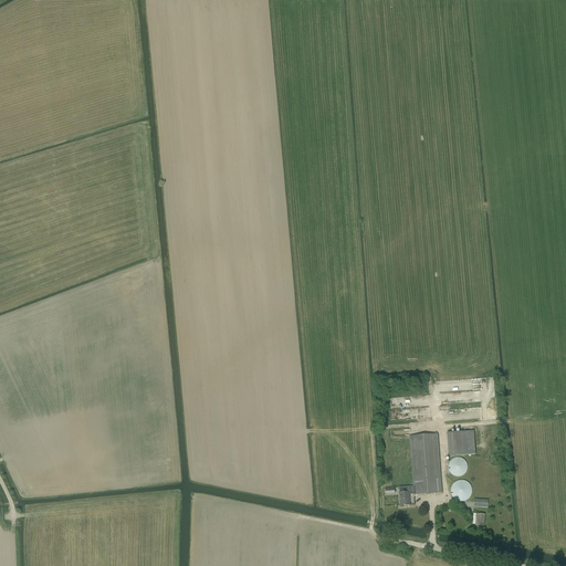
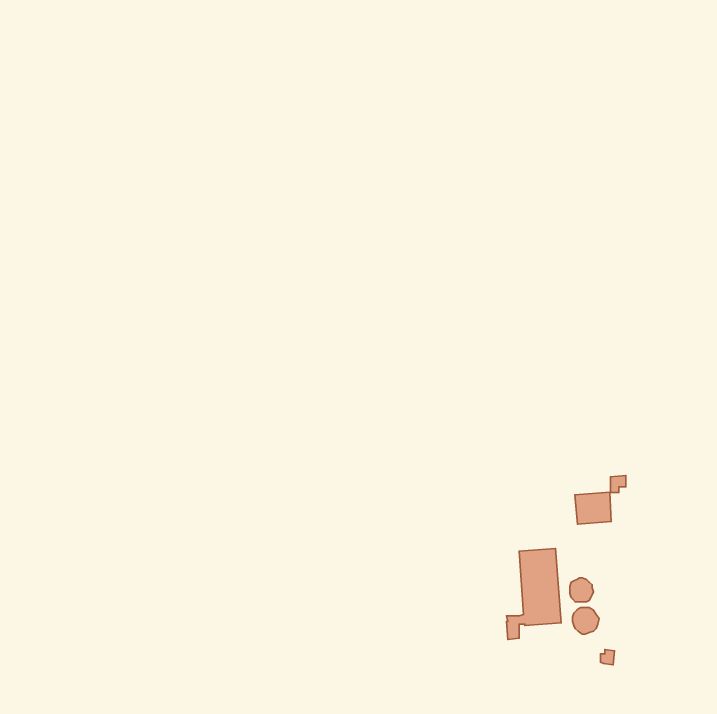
building: [447,429,475,454] -> [575,492,611,524]

